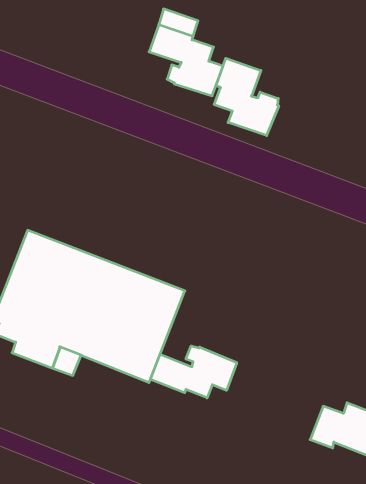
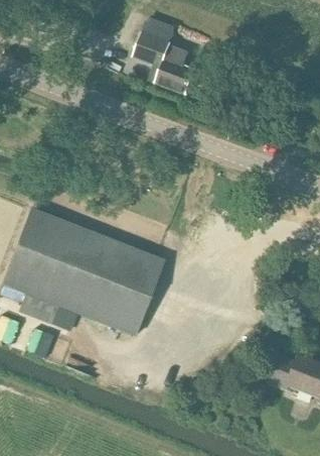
building: [214,58,279,136] -> none
building: [150,346,237,398] -> none

